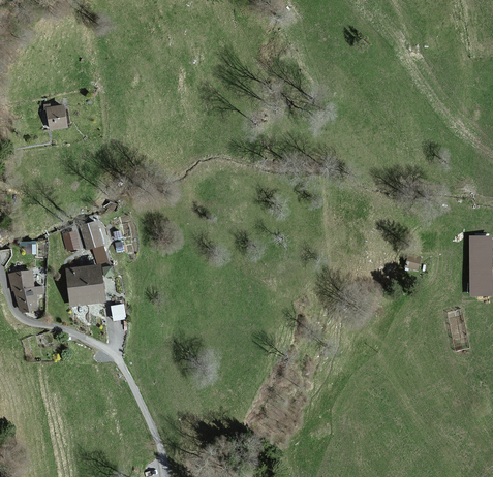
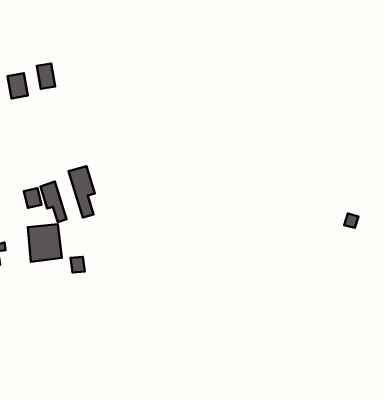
building: none -> [37,63,55,89]
building: none -> [69,166,95,218]

